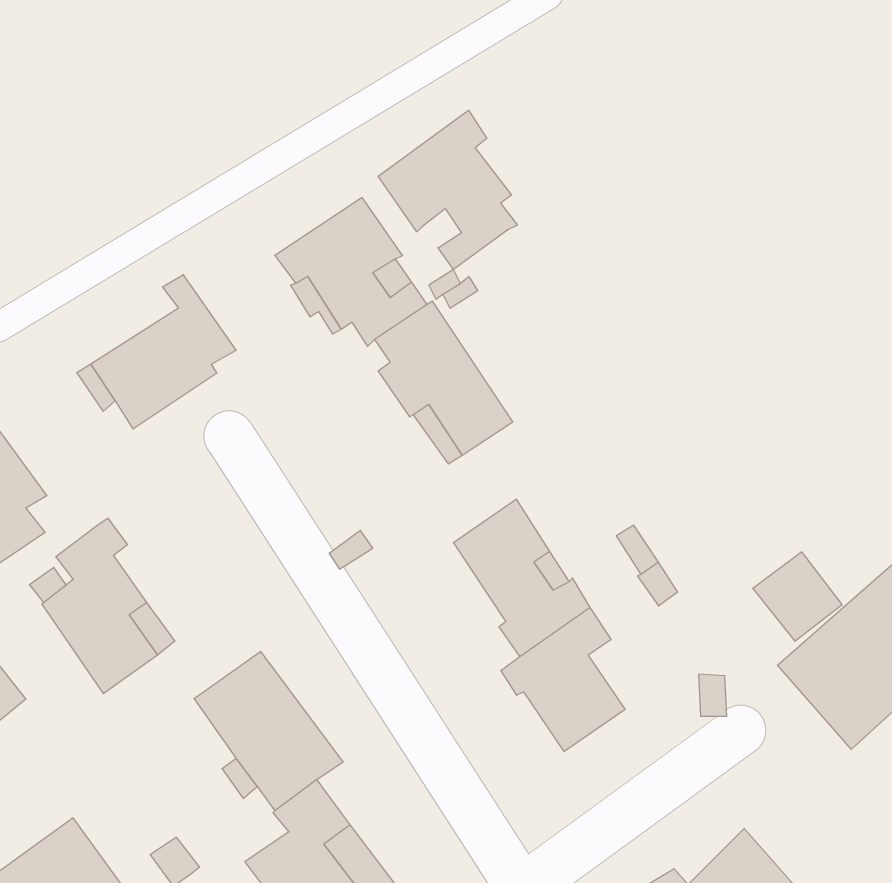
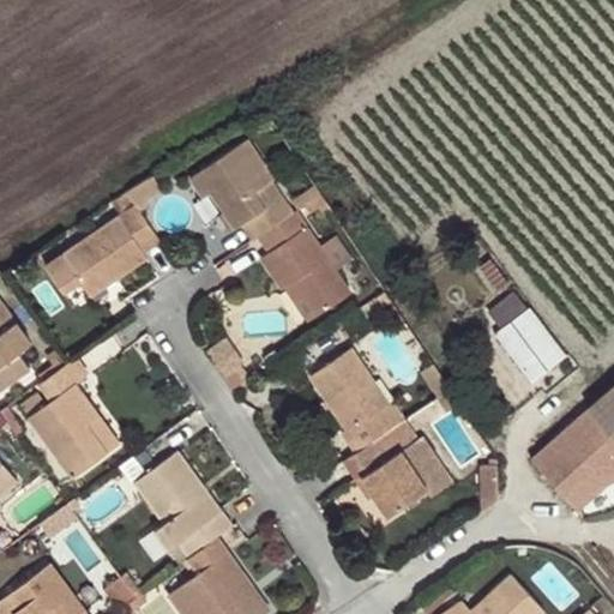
building: [378,110,517,269] -> none
building: [753,552,842,641] -> [494,311,555,372]
building: none -> [403,440,449,492]

